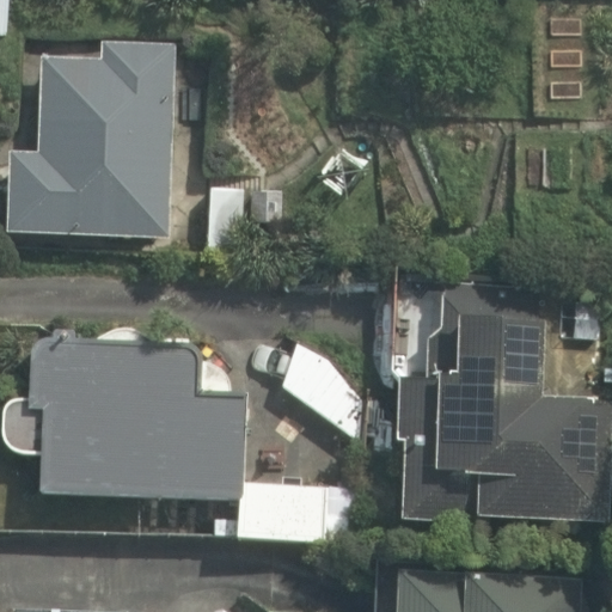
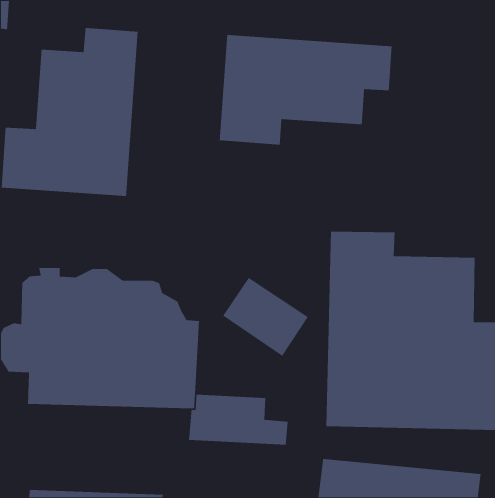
building: none -> [219,34,392,145]

